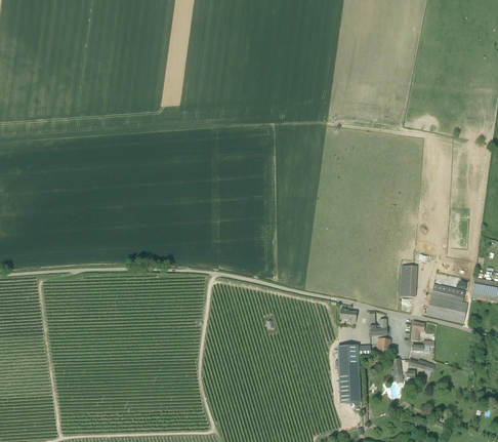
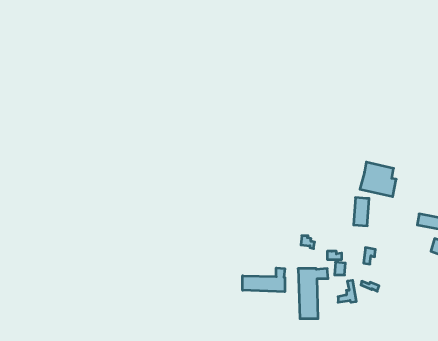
building: [426,284,467,323] -> [360,162,396,197]
building: none -> [243,268,285,292]

